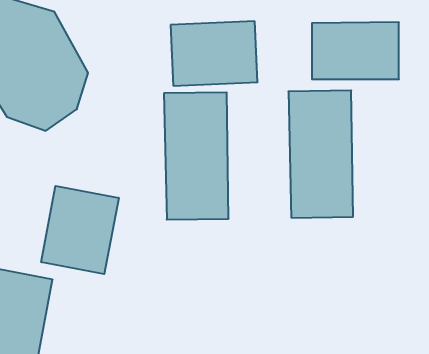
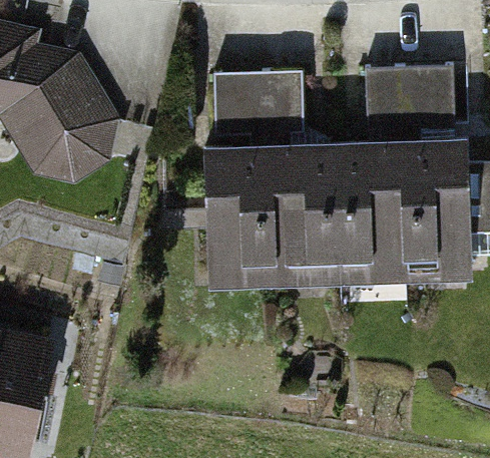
building: none -> [402,141,470,278]
building: none -> [269,143,338,280]
building: [41,186,119,274] -> none

